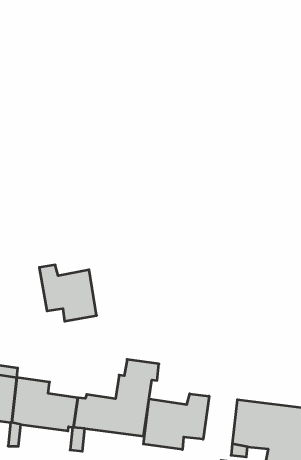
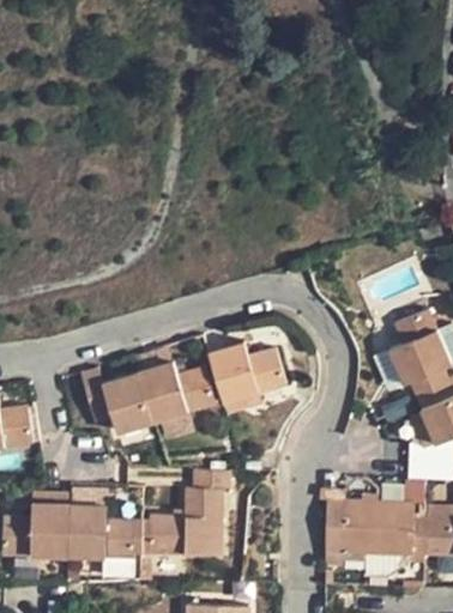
building: none -> [209,342,285,403]
building: none -> [138,359,216,423]
building: [143,394,209,450] -> none

